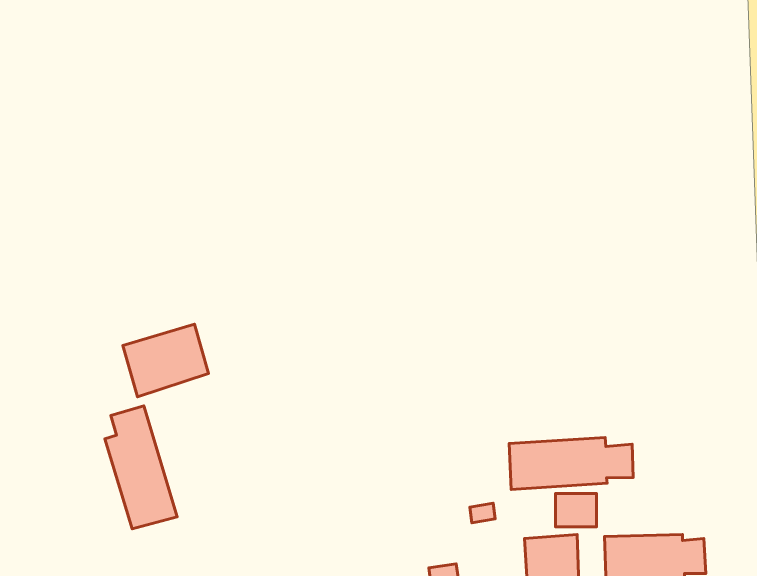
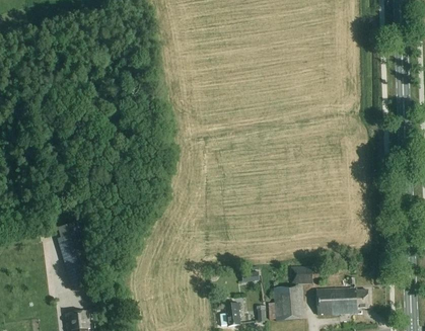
building: [123,324,209,397] -> none
building: [509,437,633,490] -> none

